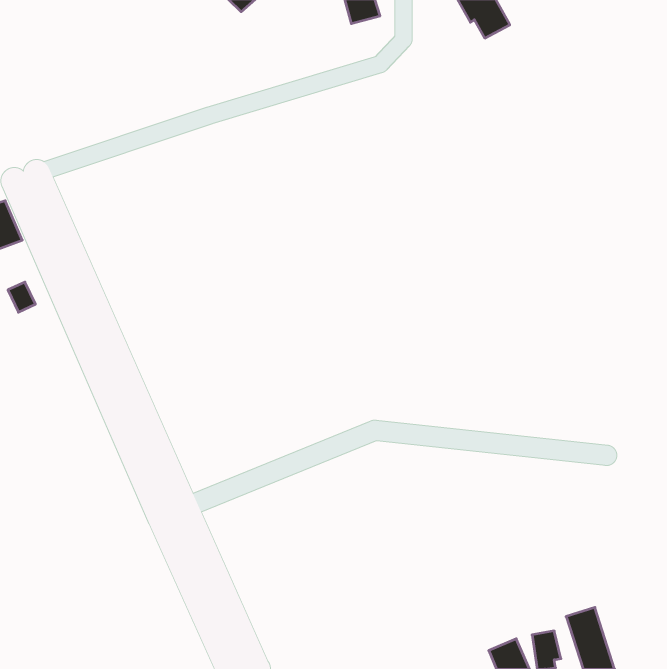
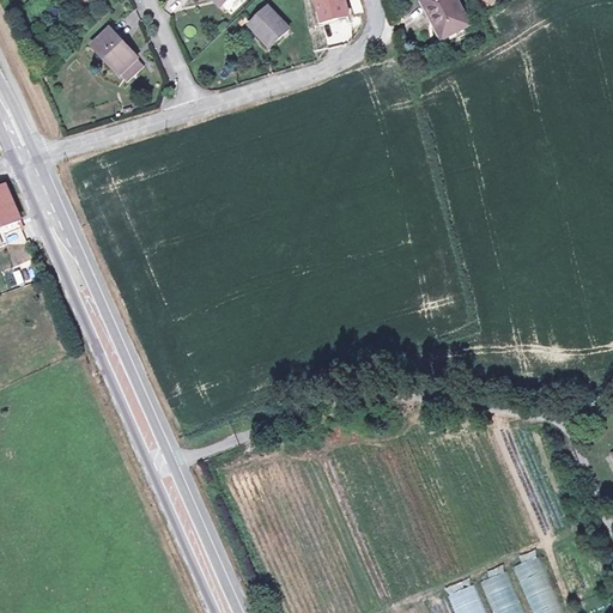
building: none -> [248,5,286,44]
building: none -> [93,31,138,75]

